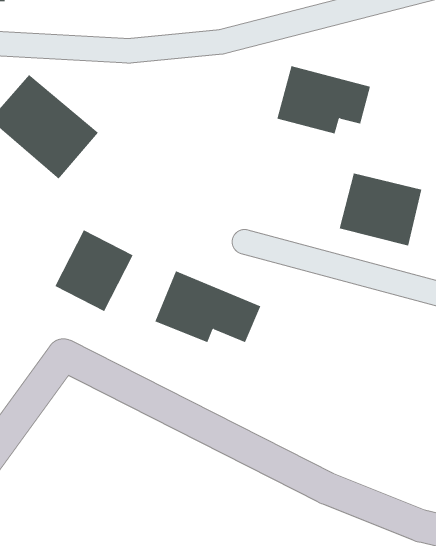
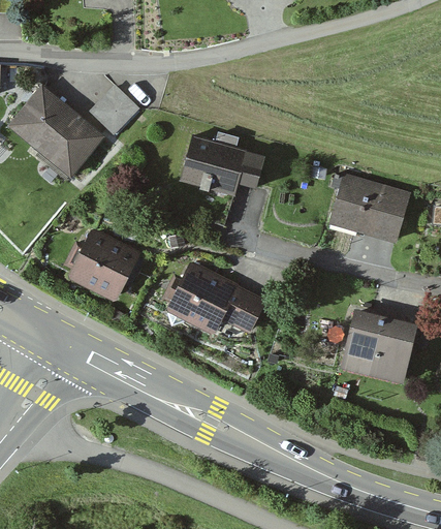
building: [276,65,371,134] -> [178,135,265,199]
building: none -> [94,86,146,137]
building: none -> [339,310,417,383]

